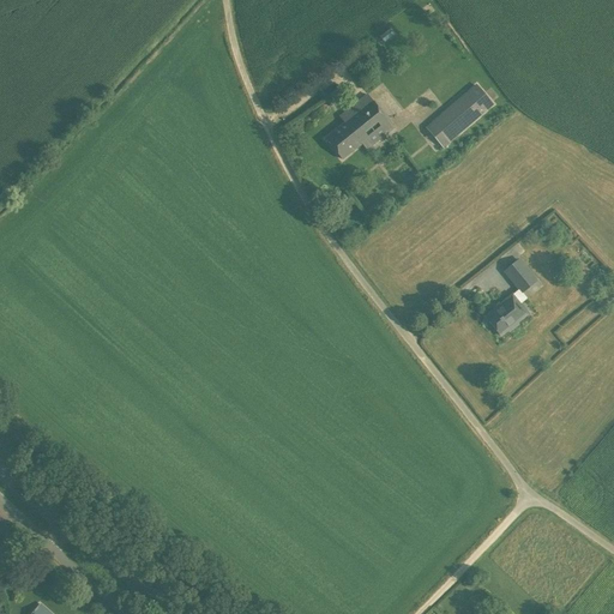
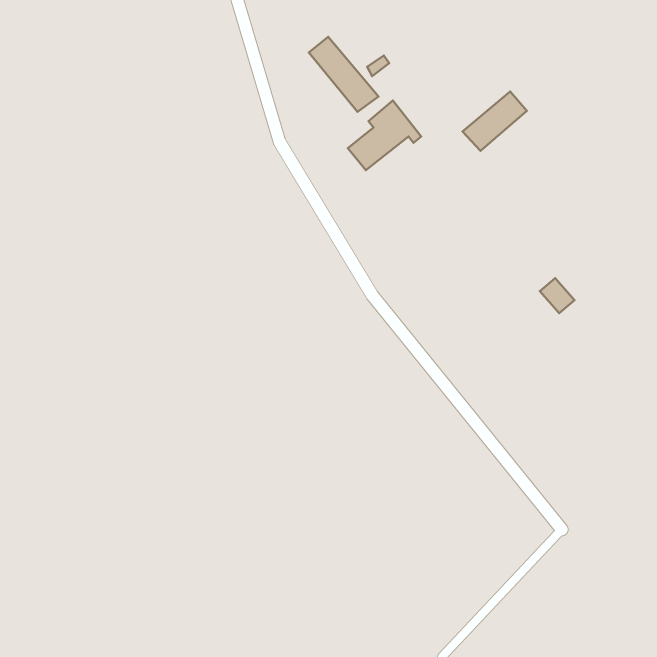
building: none -> [309,37,378,112]
building: [483,294,526,335] -> none

